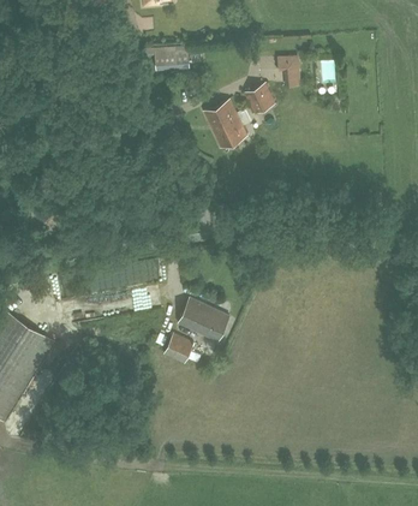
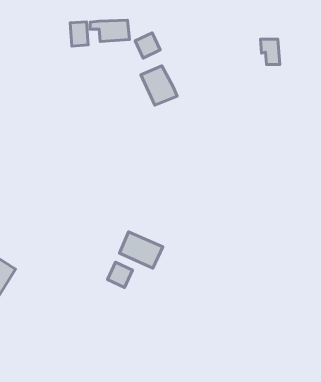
building: none -> [70,22,88,46]
building: [277,55,300,85] -> [261,39,280,64]
building: [244,83,274,113] -> [135,33,160,58]

